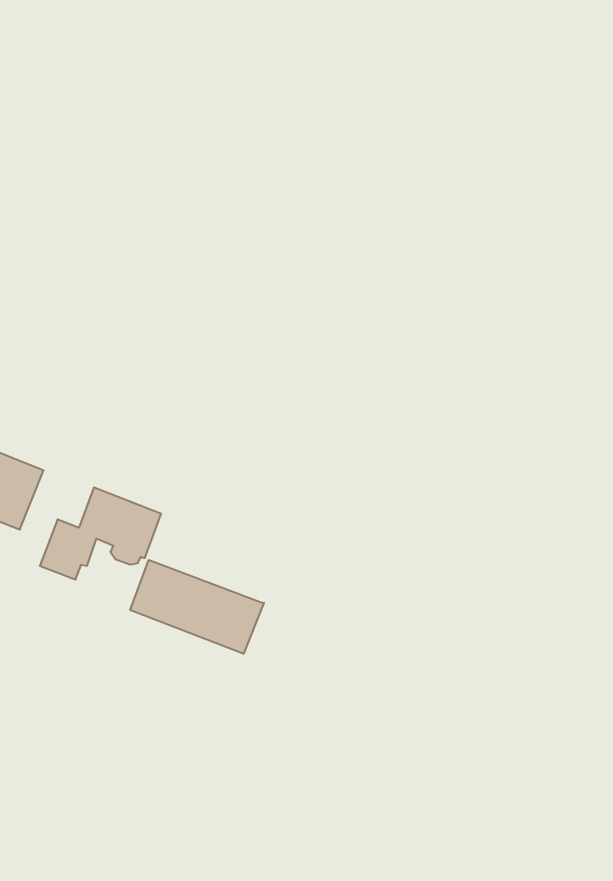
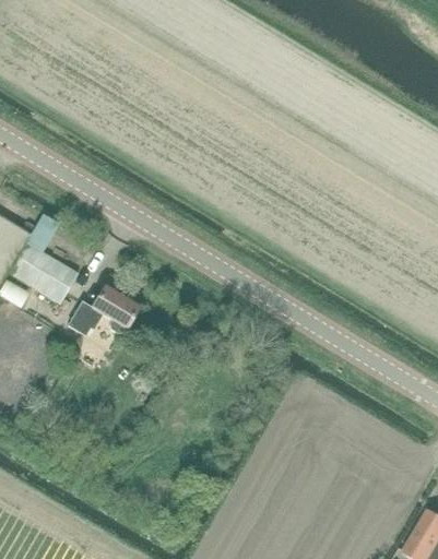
building: [130,560,264,654] -> none

